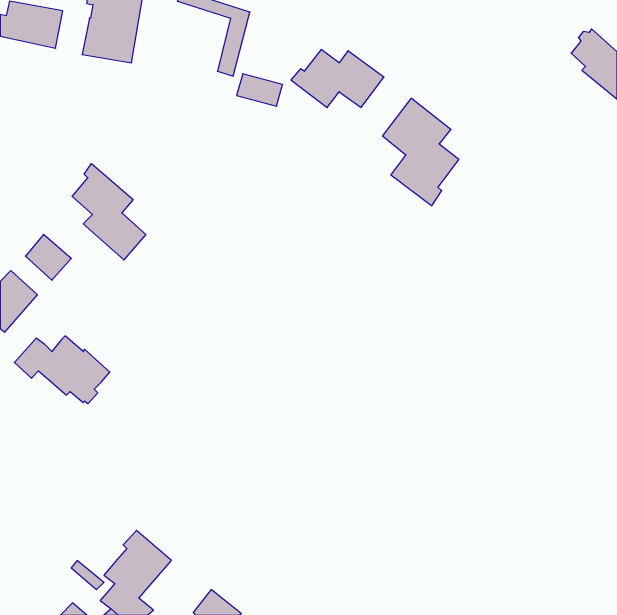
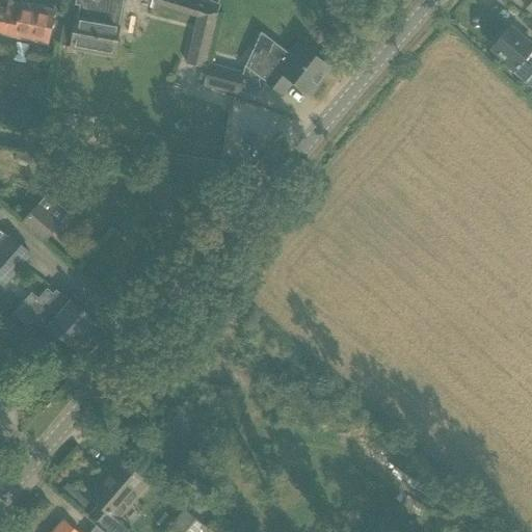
building: [383,98,459,206] -> none
building: [72,164,146,260] -> none

